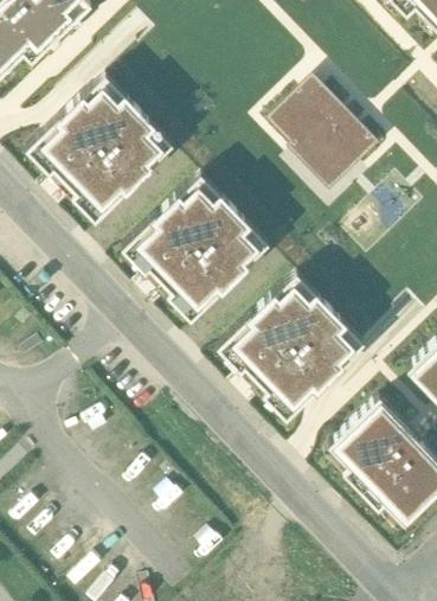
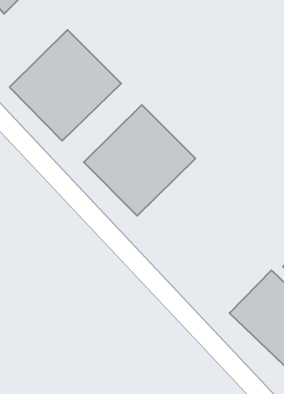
building: [271,77,381,190] -> none
building: [220,275,368,422] -> none

